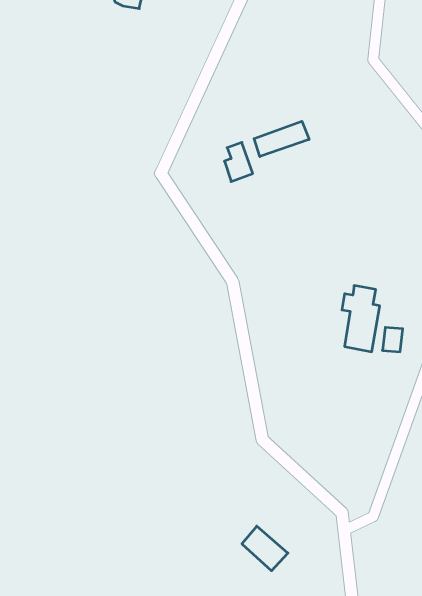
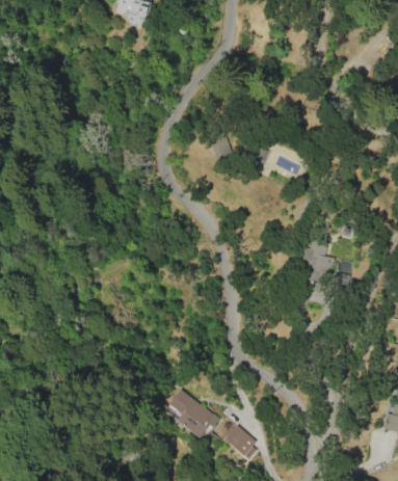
building: [254,121,309,157] -> none
building: none -> [164,389,218,437]

